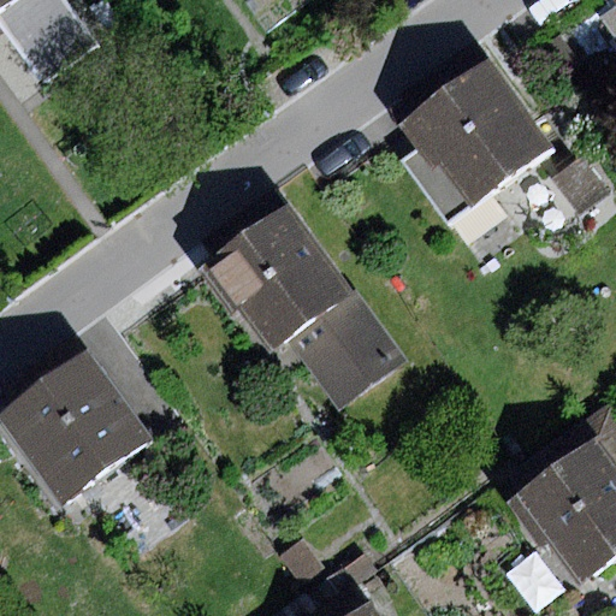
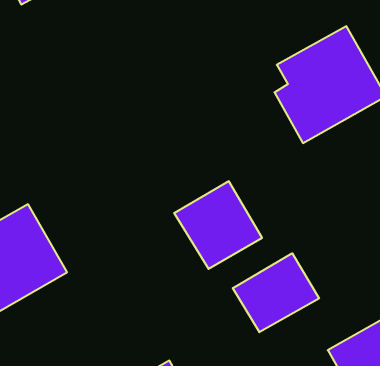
building: [199,201,353,354] -> none
building: none -> [233,253,319,332]

